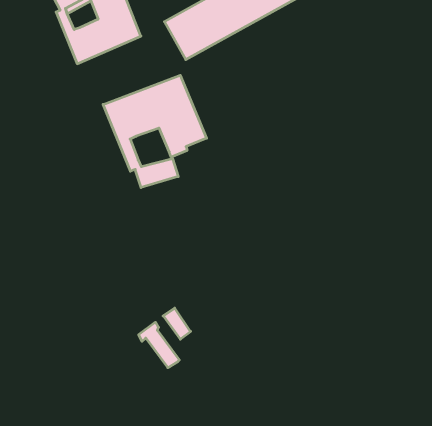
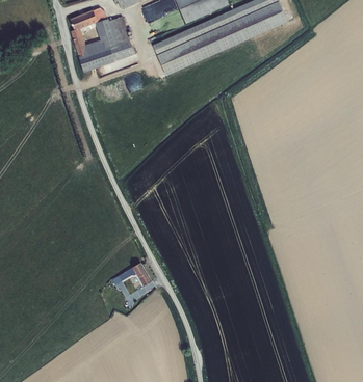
building: [103,75,207,188] -> none

